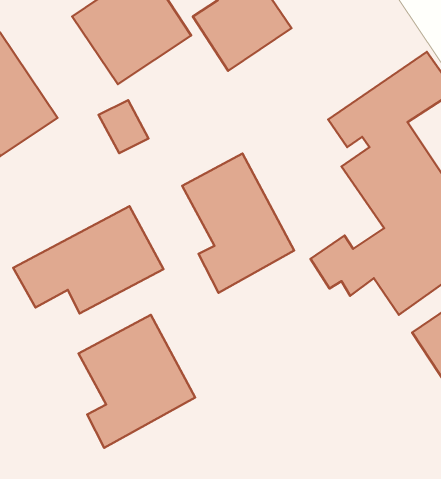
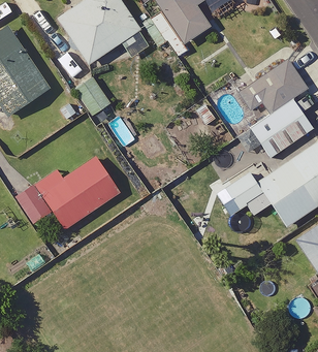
building: [182,154,294,293] -> none
building: [79,315,195,448] -> none

